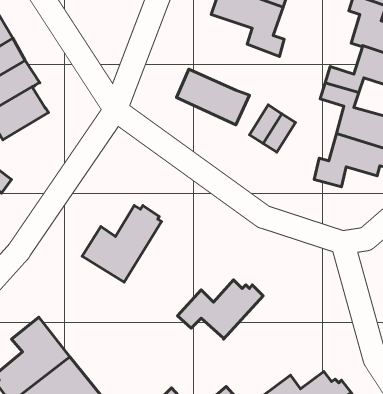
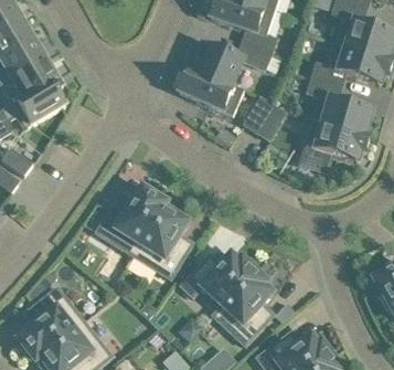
building: none -> [191,41,271,84]
building: none -> [134,201,189,278]
building: none -> [213,267,273,345]

